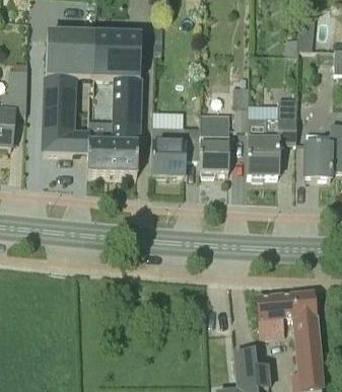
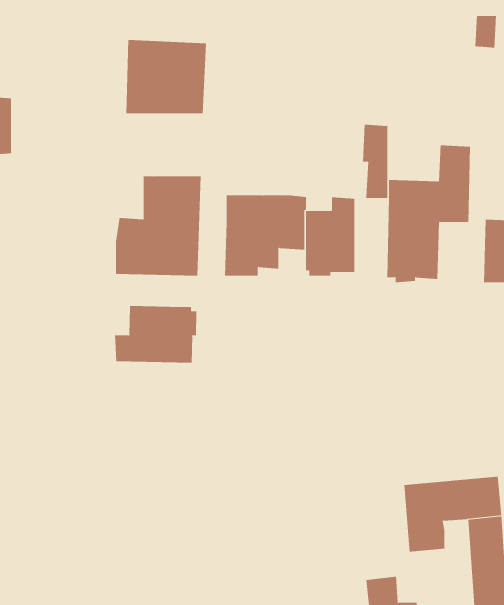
building: [44,33,95,153] -> none
building: [111,78,140,114] -> none
building: none -> [115,305,197,363]

